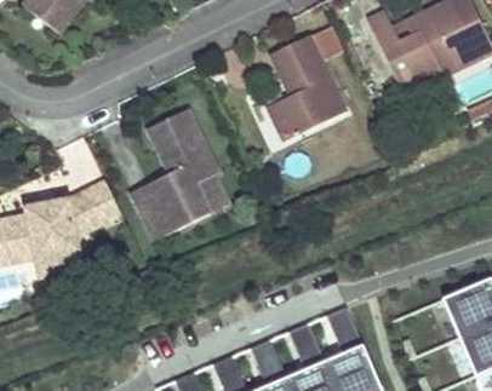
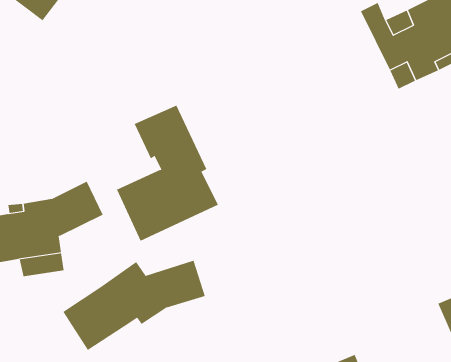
building: [264,23,345,139] -> none
building: none -> [63,260,205,351]

